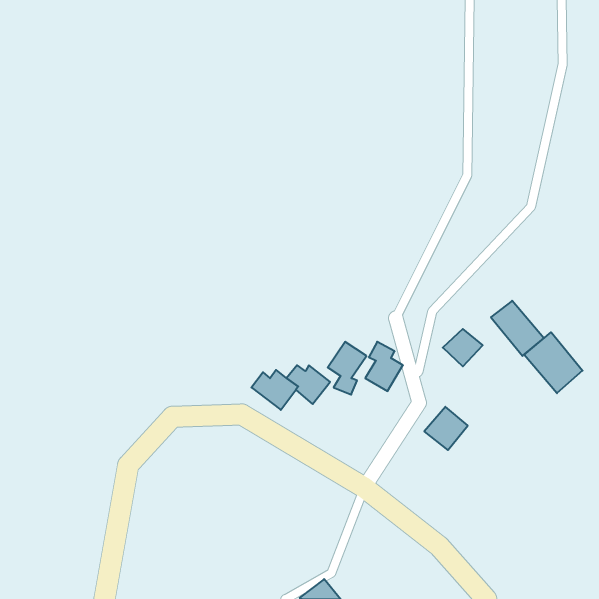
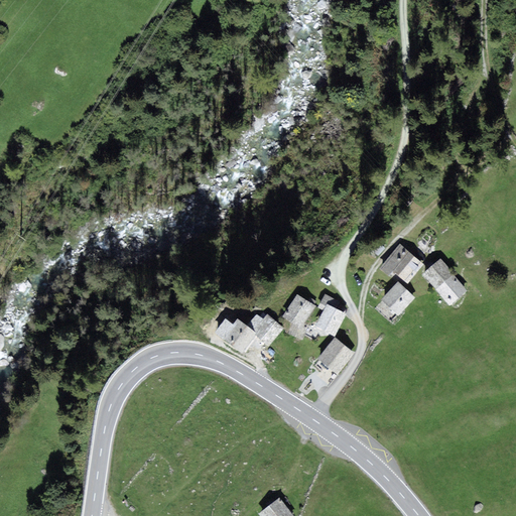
building: none -> [379,244,423,283]
building: [524,332,583,393] -> none
building: [424,407,468,450] -> [316,337,354,374]

